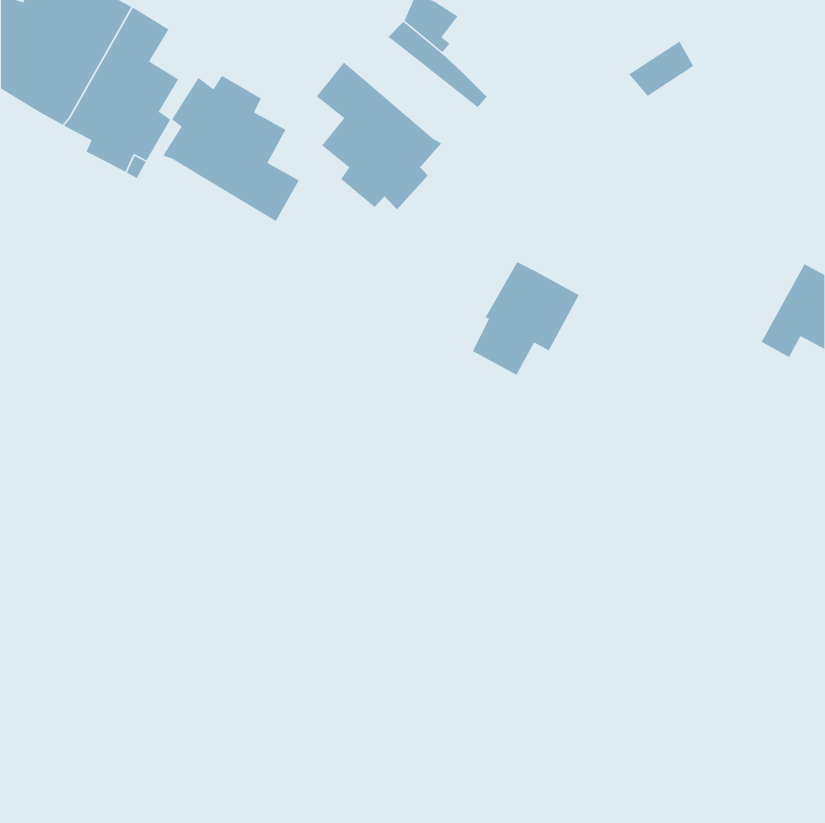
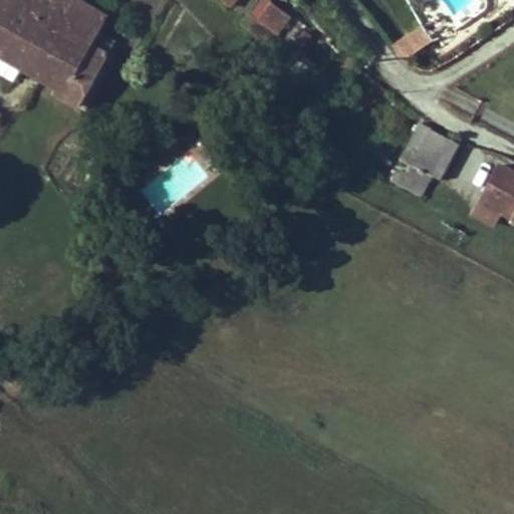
building: [316,62,442,210] -> none
building: [162,75,300,222] -> none
building: [472,261,580,376] -> [392,122,459,194]

